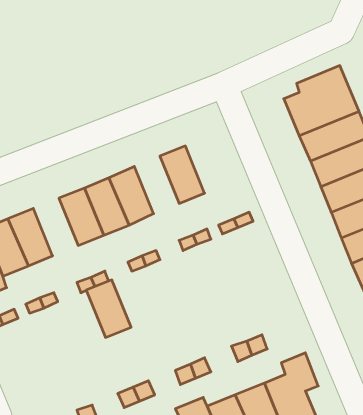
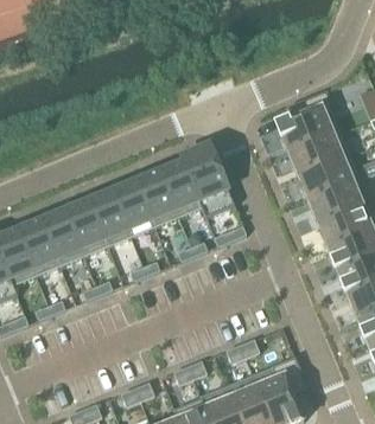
building: none -> [178,144,233,218]
building: none -> [134,173,176,226]
building: [86,280,131,337] -> [40,212,82,265]

